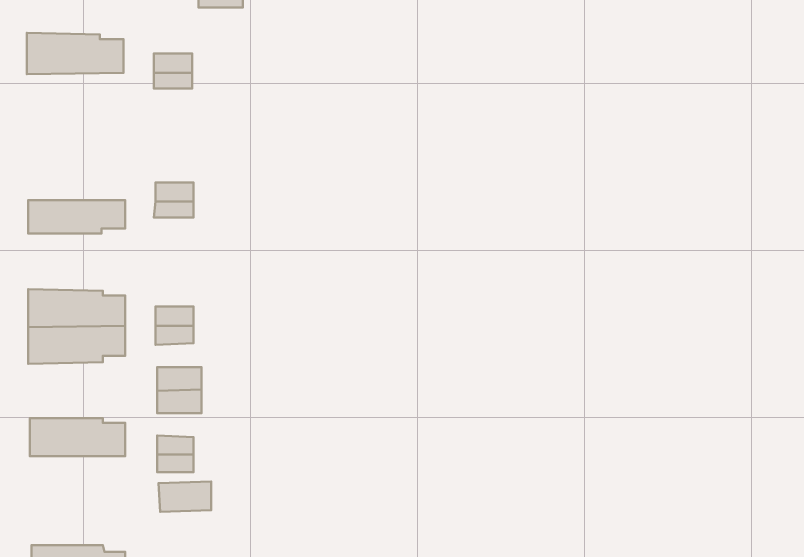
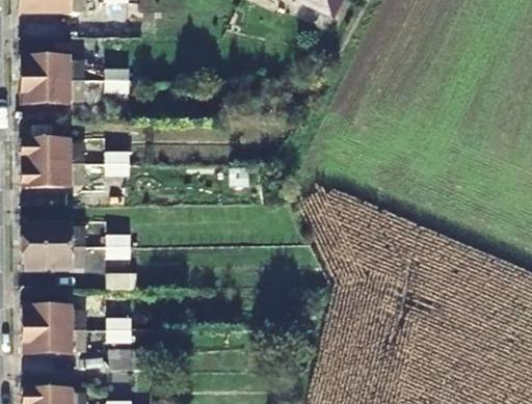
building: none -> [22,82,85,105]
building: none -> [23,140,86,165]
building: none -> [24,332,86,355]

